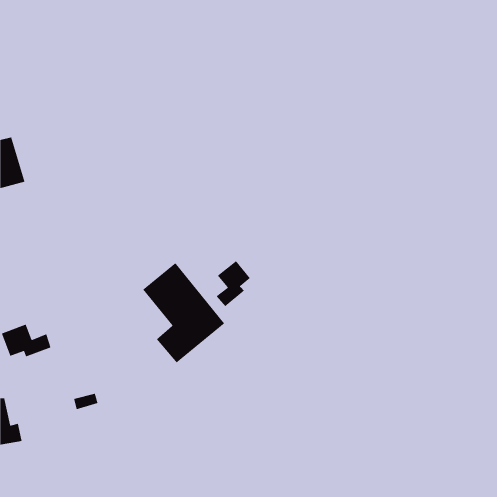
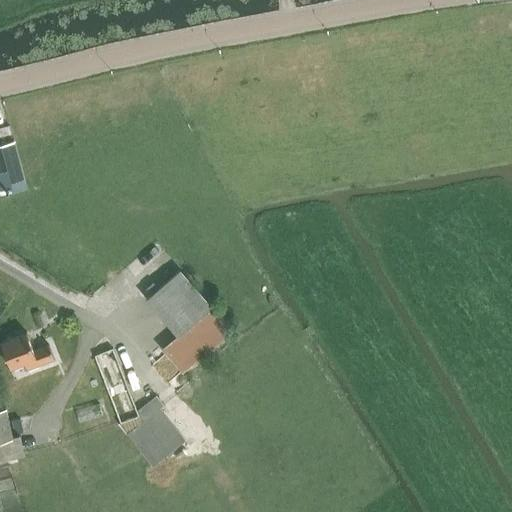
building: [216,260,251,307] -> none
building: none -> [94,348,183,466]

